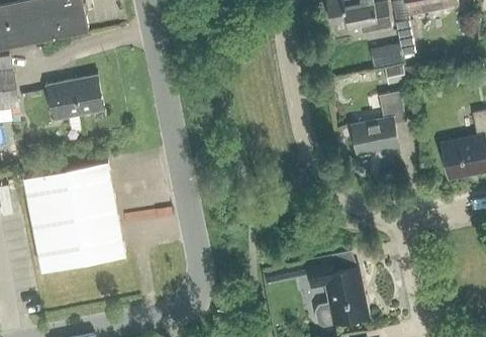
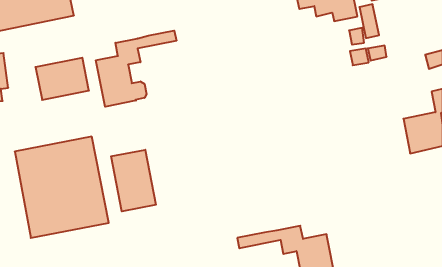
building: none -> [96,31,176,107]
building: [350,93,405,156] -> none
building: none -> [111,150,156,211]

